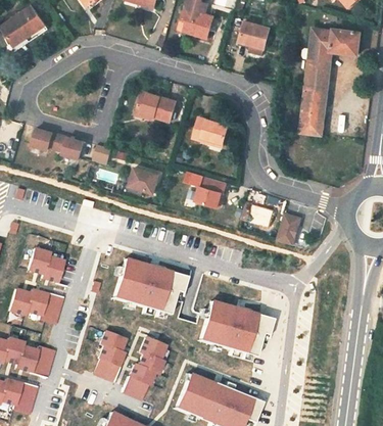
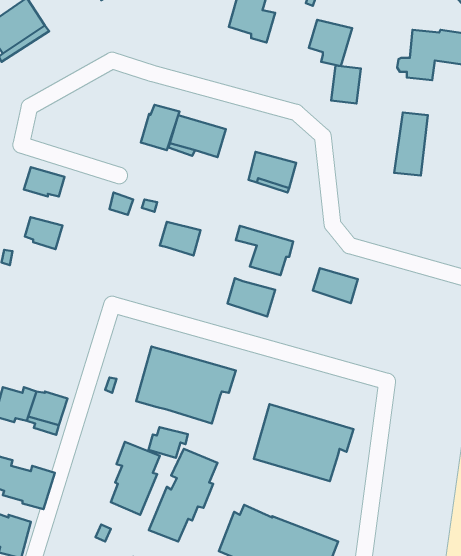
building: [305,62,327,90] -> [331,66,361,103]
building: none -> [141,105,179,150]
building: [55,135,83,158] -> [25,217,63,249]
building: none -> [228,278,275,316]
building: [276,212,297,245] -> none
building: [27,247,61,282] -> none
building: none -> [148,427,188,458]

